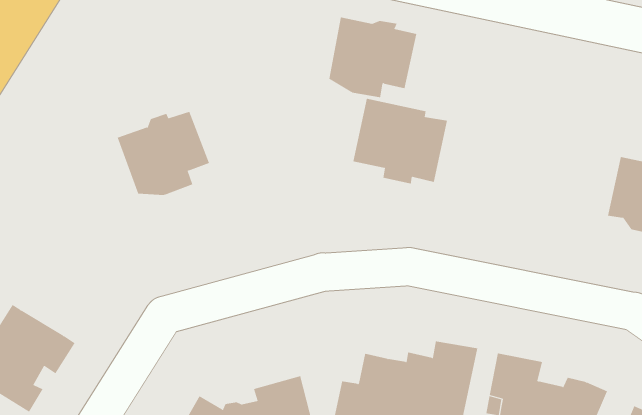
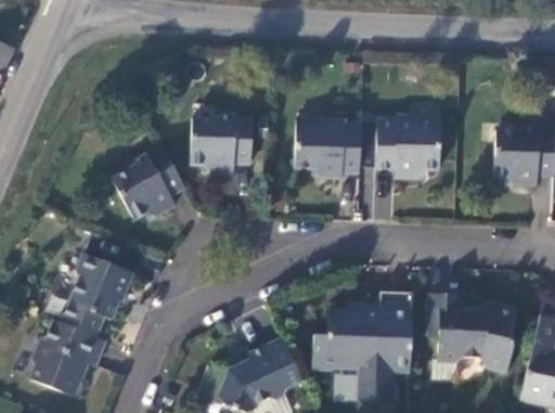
building: [328,17,417,98] -> [191,115,253,173]
building: none -> [375,114,441,178]
building: none -> [61,253,132,336]

